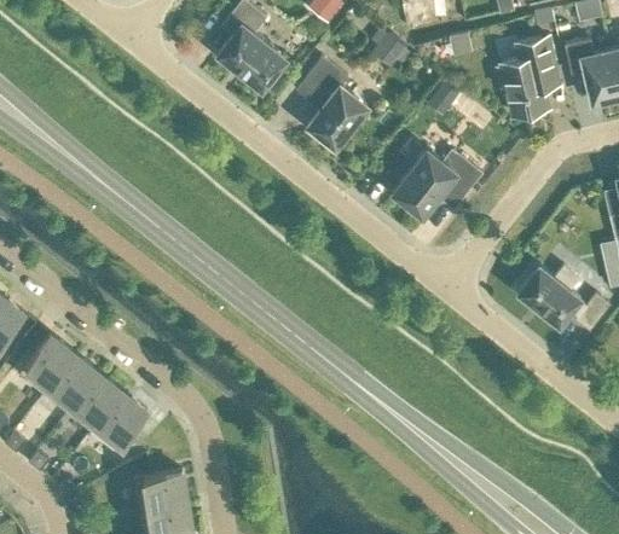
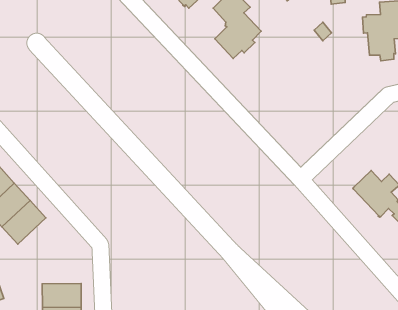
building: [393,147,481,220] -> none
building: [92,391,147,451] -> none

